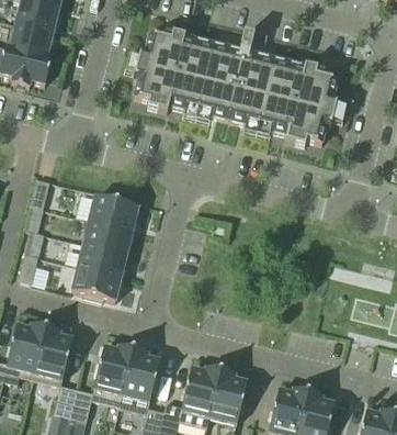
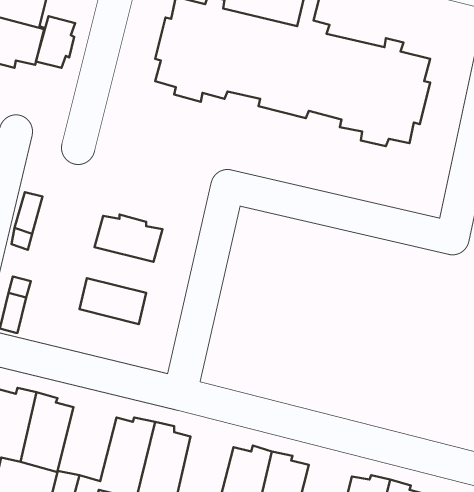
building: none -> [36,16,75,68]
building: [83,217,133,252] -> none
building: [72,264,122,299] -> none

